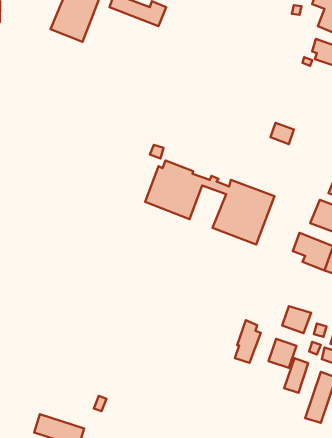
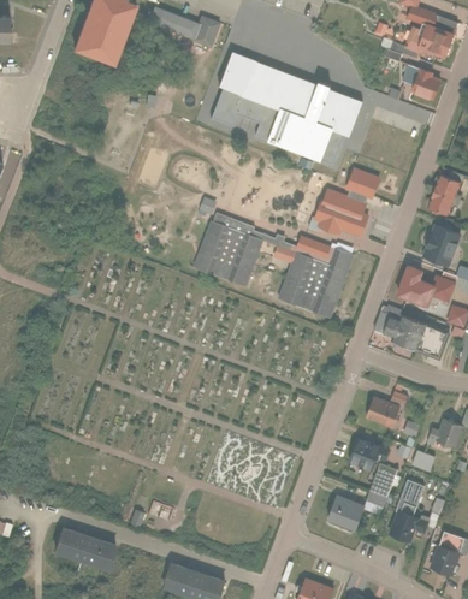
building: none -> [211,52,362,164]
building: none -> [318,190,369,237]
building: [235,320,261,363] -> none
building: none -> [325,496,363,533]

